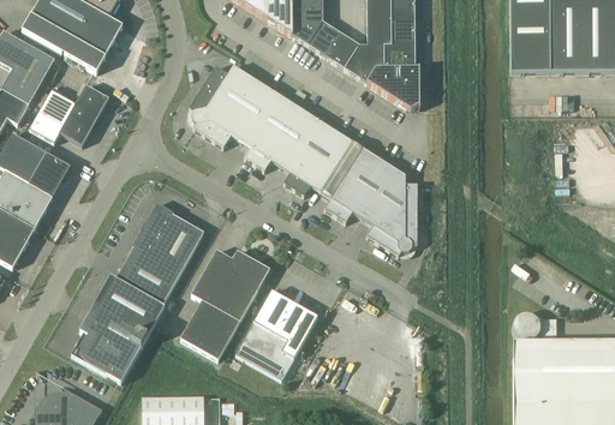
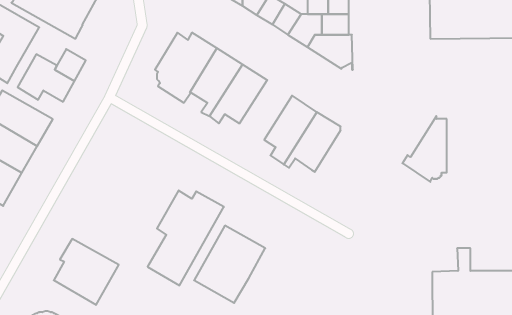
building: [282,119,348,193] -> none
building: [365,178,417,255] -> [402,116,447,182]
building: [92,200,203,334] -> none

